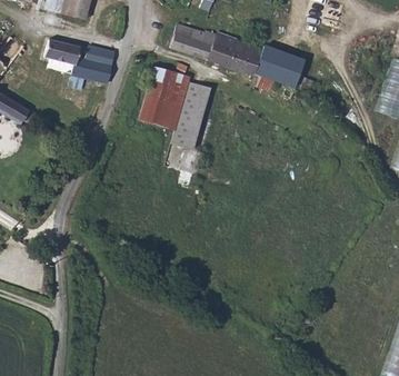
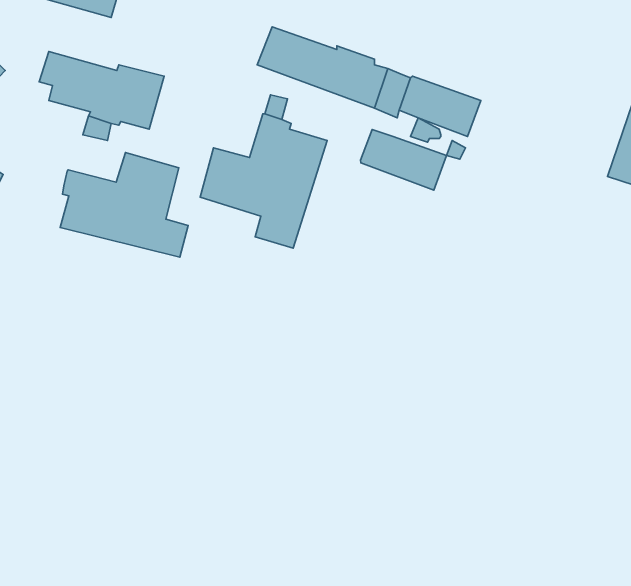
building: none -> [360,129,447,190]
building: none -> [60,153,188,257]

